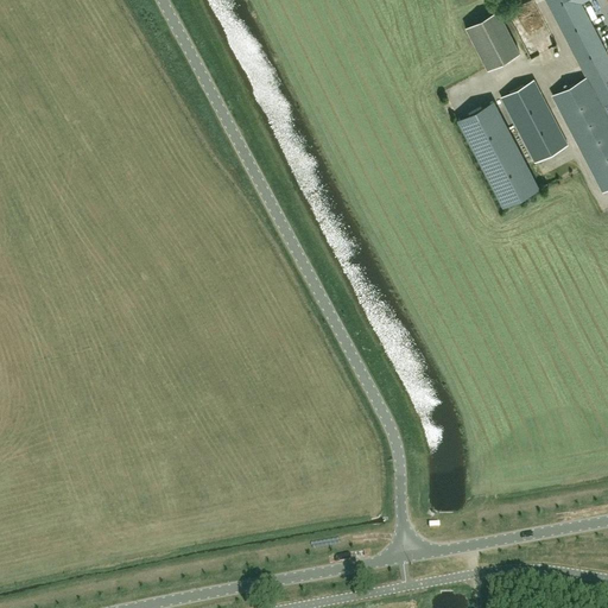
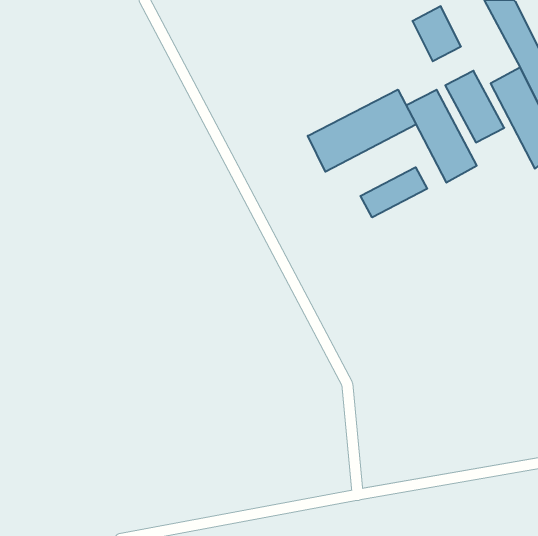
building: none -> [308,90,416,172]
building: none -> [360,167,427,217]

